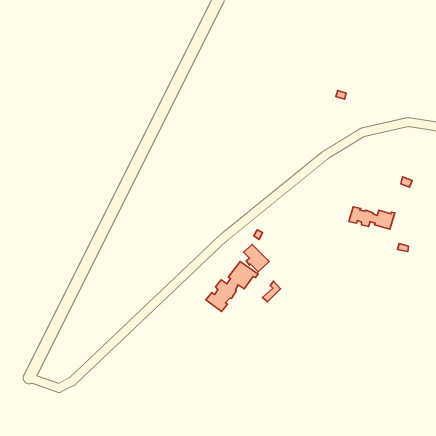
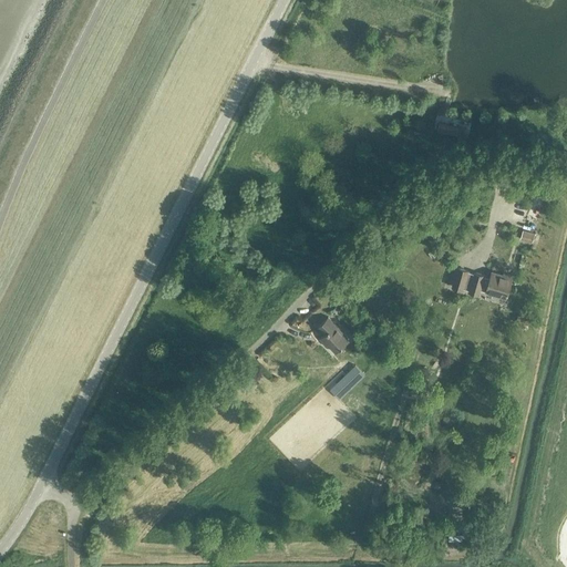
building: [206,261,258,312] -> none

